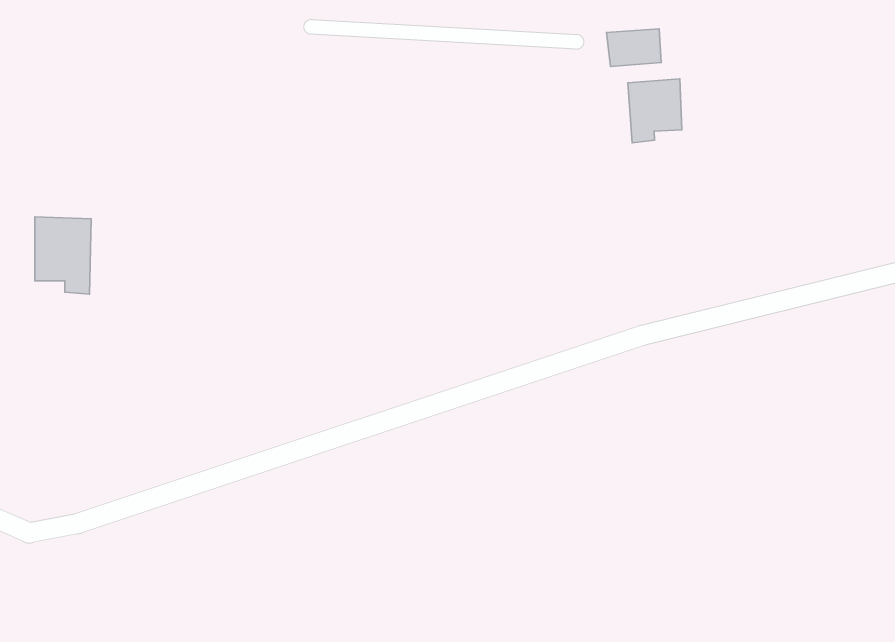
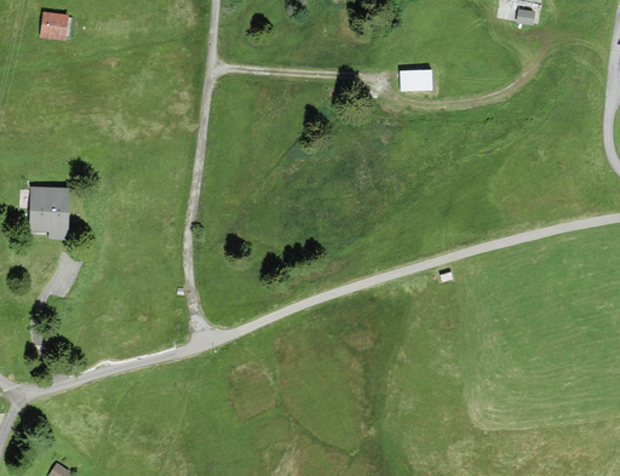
building: [628,79,682,143] -> none

